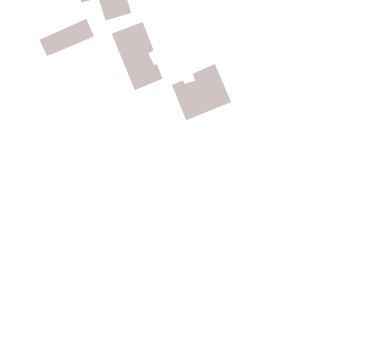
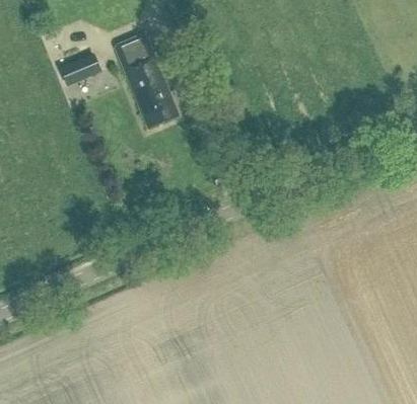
building: [171,63,232,121] -> none

